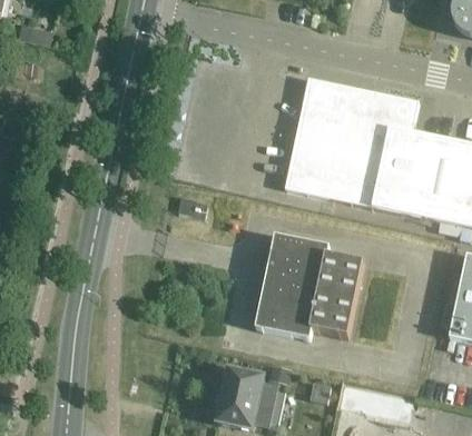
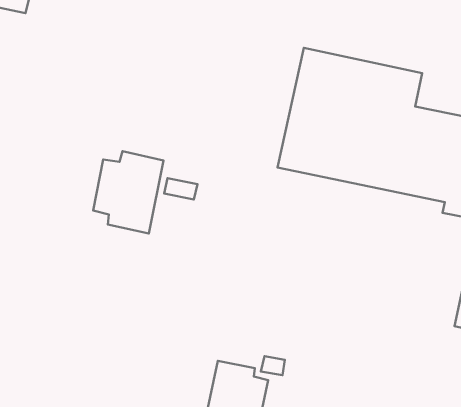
building: none -> [93,151,163,233]
building: [254,234,363,338] -> none

